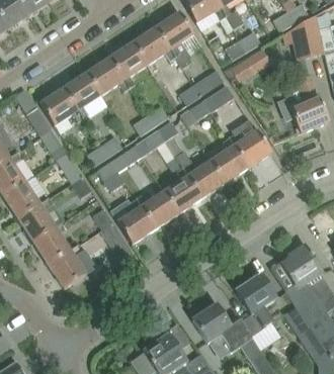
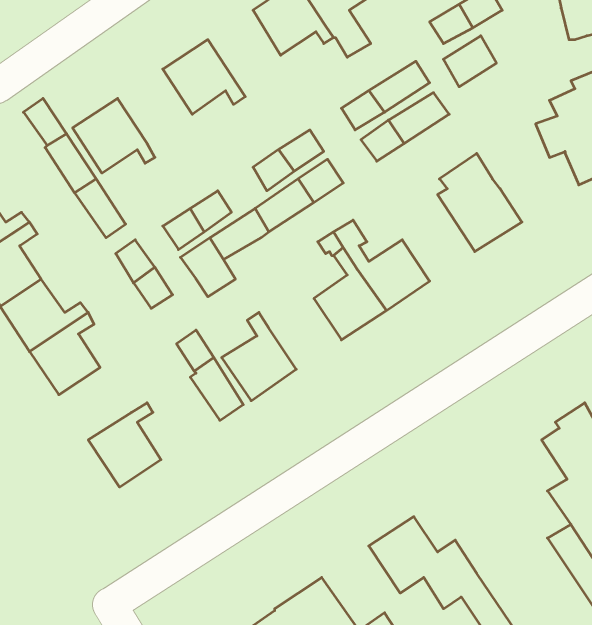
building: [109,42,147,87] -> none
building: [63,73,101,118] -> none
building: [210,137,247,182] -> none
building: [136,191,178,227] -> none
building: [32,226,78,264] -> none
building: [236,274,276,335] -> none

